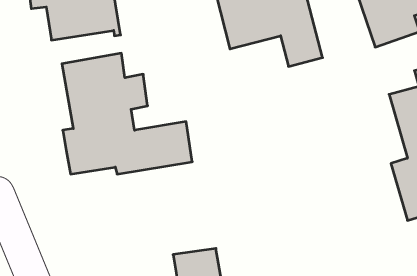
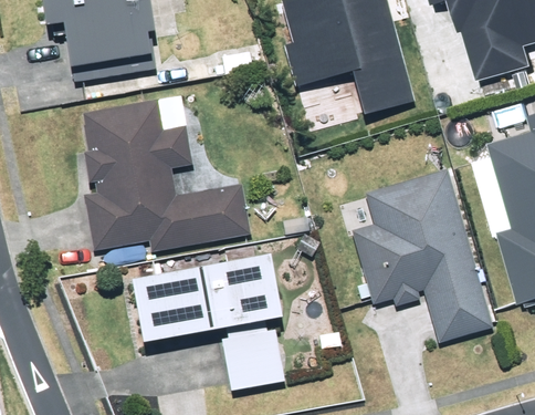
building: none -> [352,172,494,343]
building: none -> [130,267,281,354]

